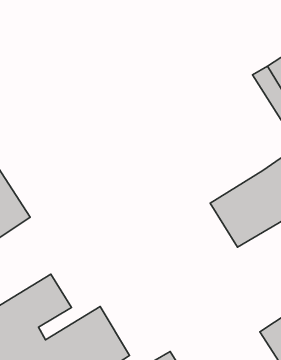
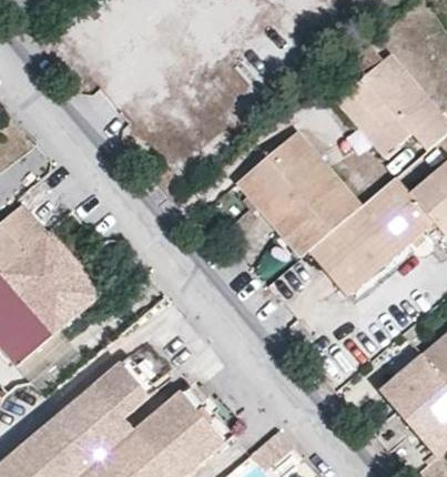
building: none -> [234,130,357,256]

